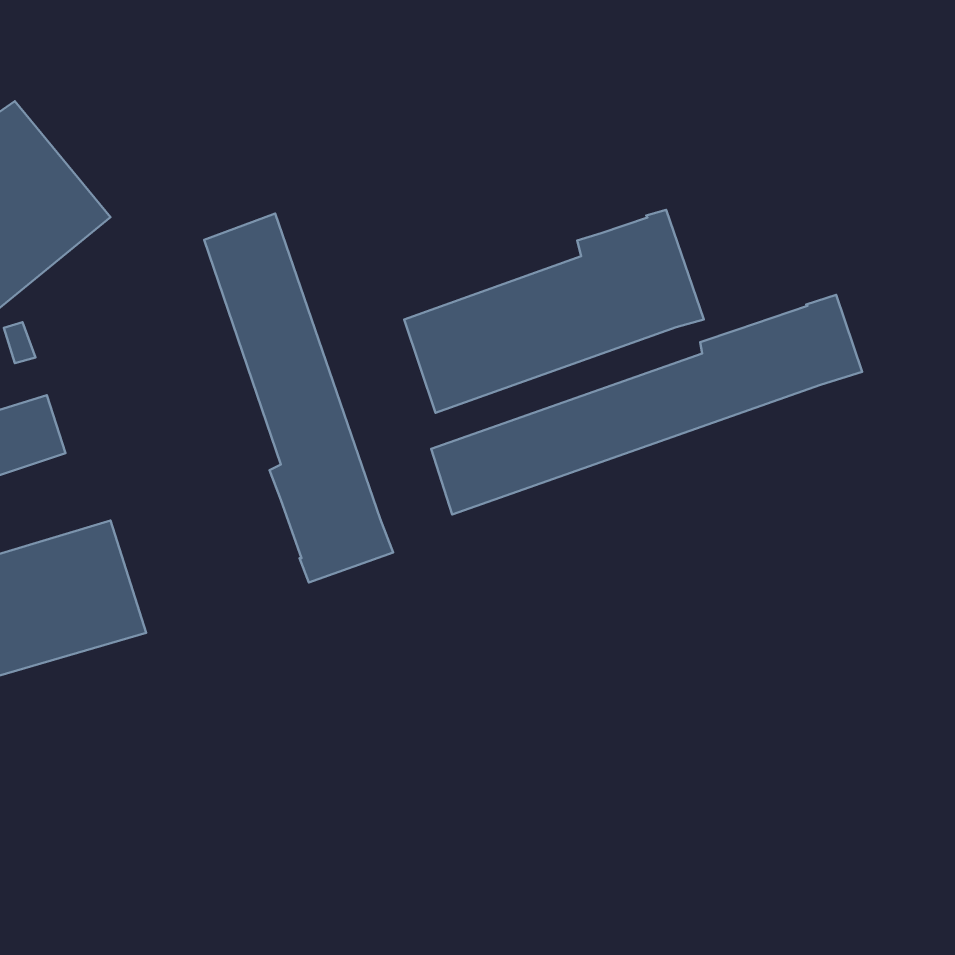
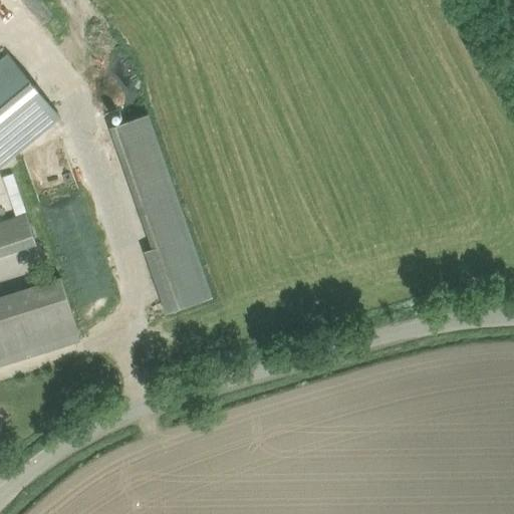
building: [404,210,704,413] -> none
building: [431,295,862,514] -> none

